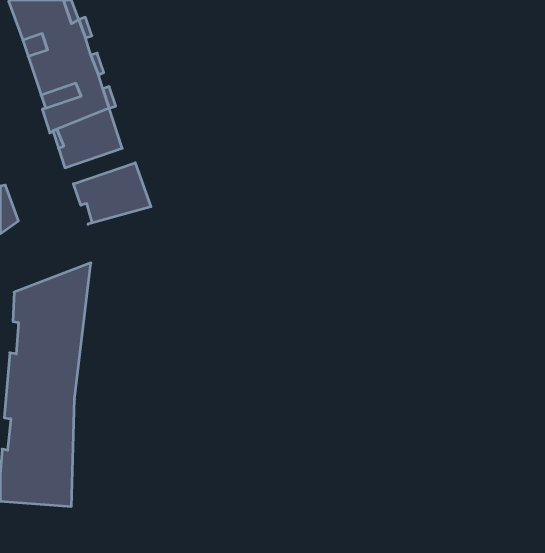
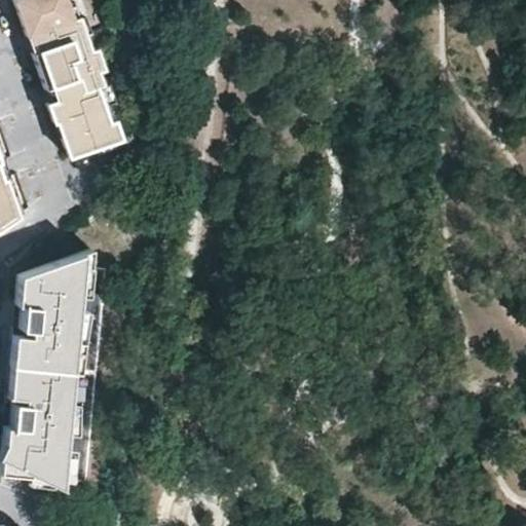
building: [73,163,151,224] -> none

